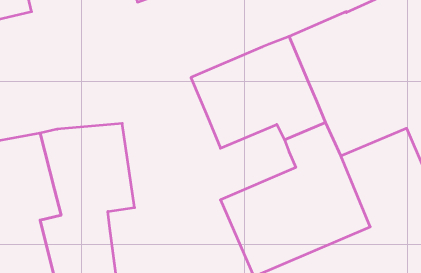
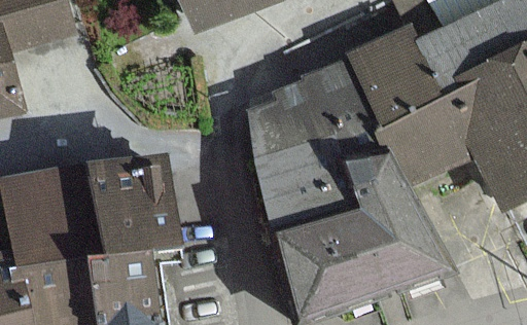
building: none -> [255,156,356,238]

